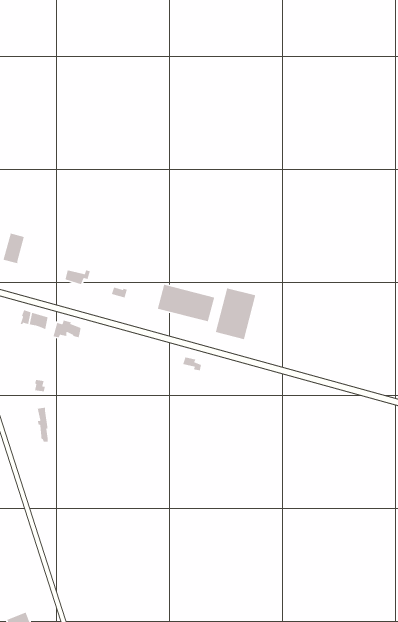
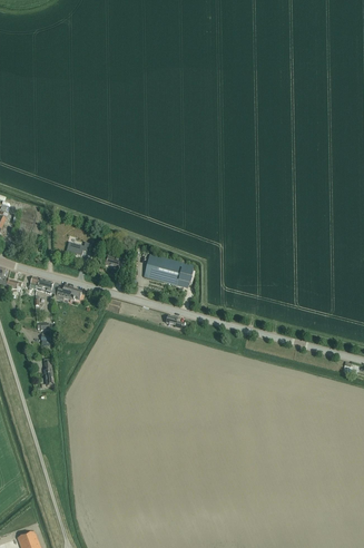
building: [215,287,256,340] -> none

